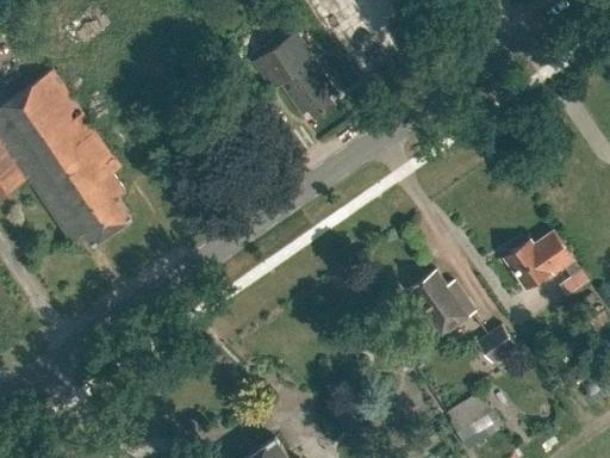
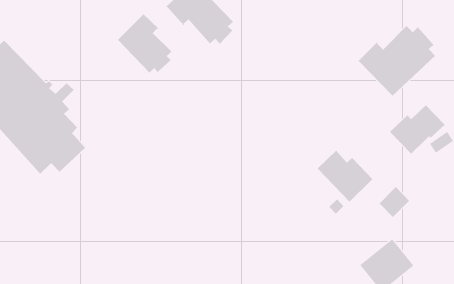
building: none -> [117,14,172,74]
building: none -> [358,25,436,97]

